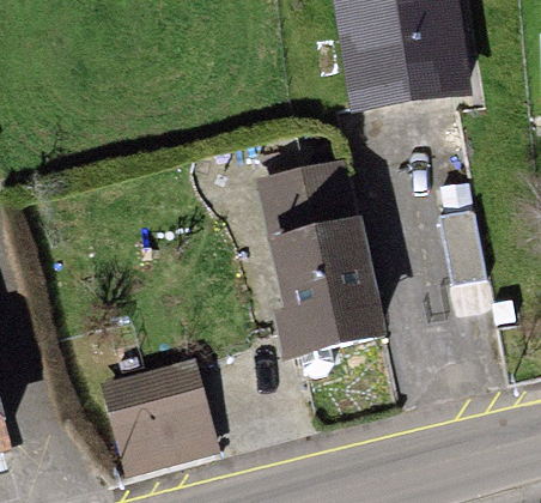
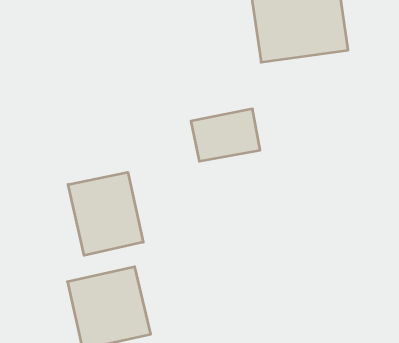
building: [279,220,378,346] -> none
building: none -> [68,172,143,255]

